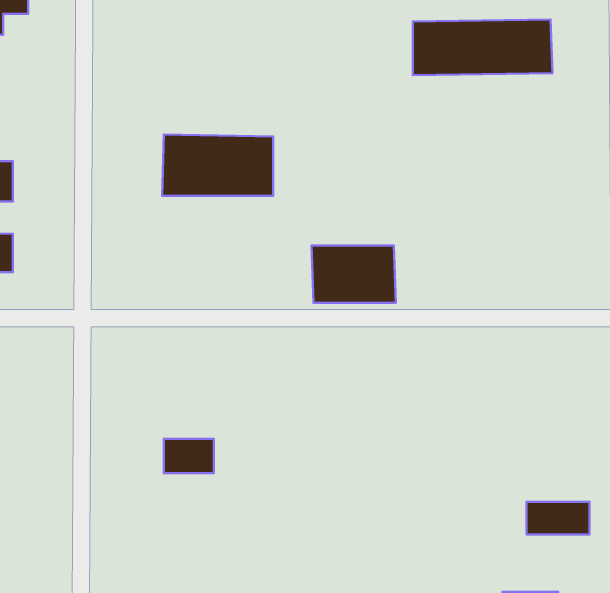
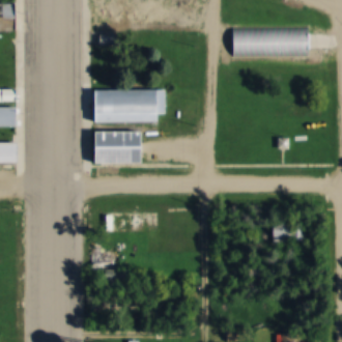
building: [312,245,396,303] -> [95,130,141,161]
building: [526,502,590,535] -> [274,225,308,243]

